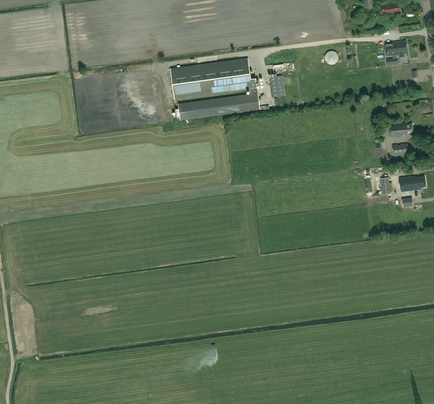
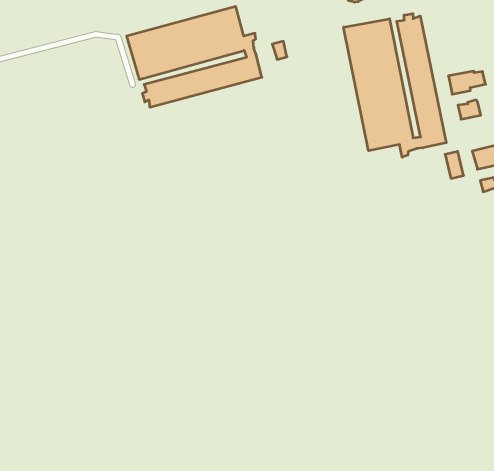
building: none -> [344,14,446,157]

